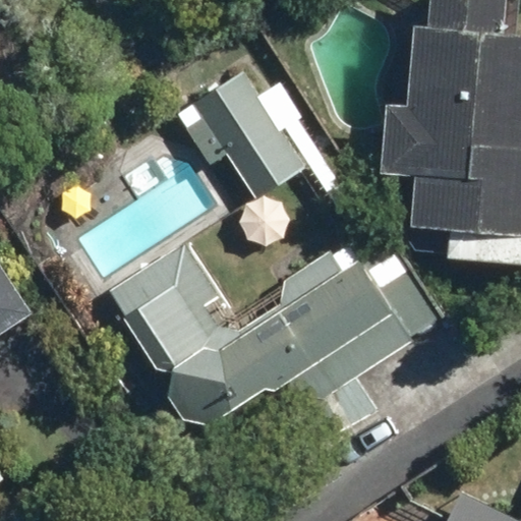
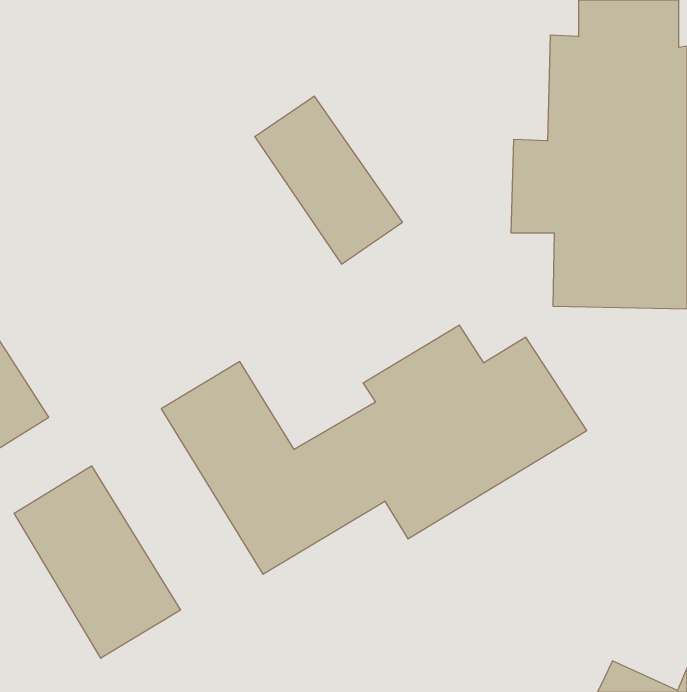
building: none -> [14,466,180,658]

